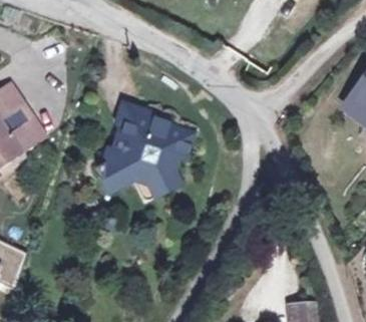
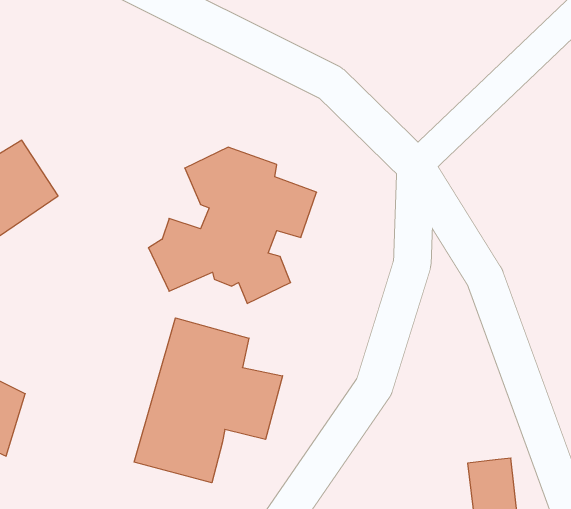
building: none -> [134,318,283,483]

